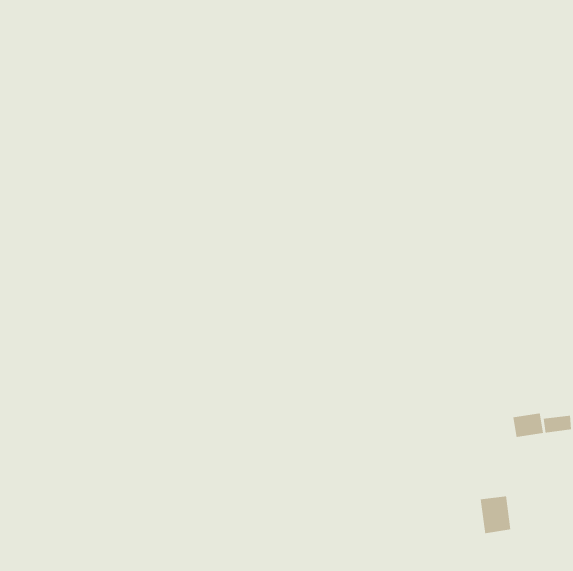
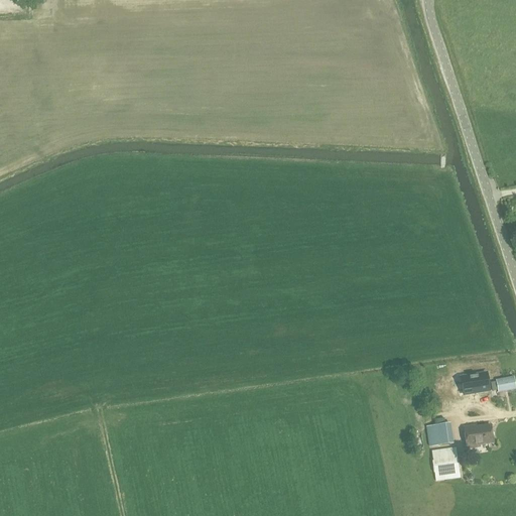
building: none -> [426,421,453,444]
building: none -> [464,423,493,446]

